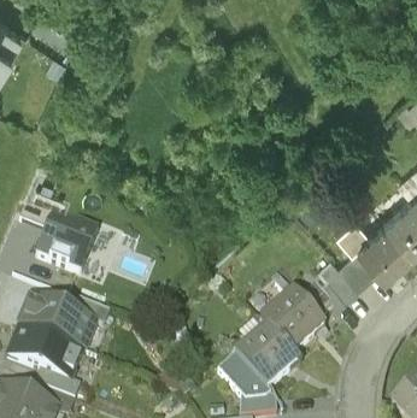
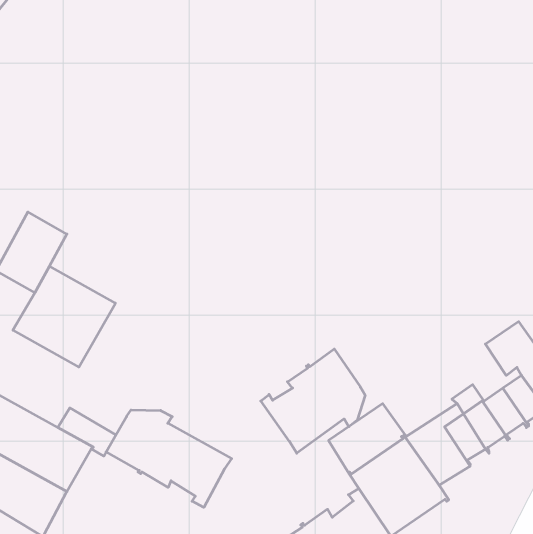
building: none -> [261,349,365,453]
building: none -> [106,410,232,507]

